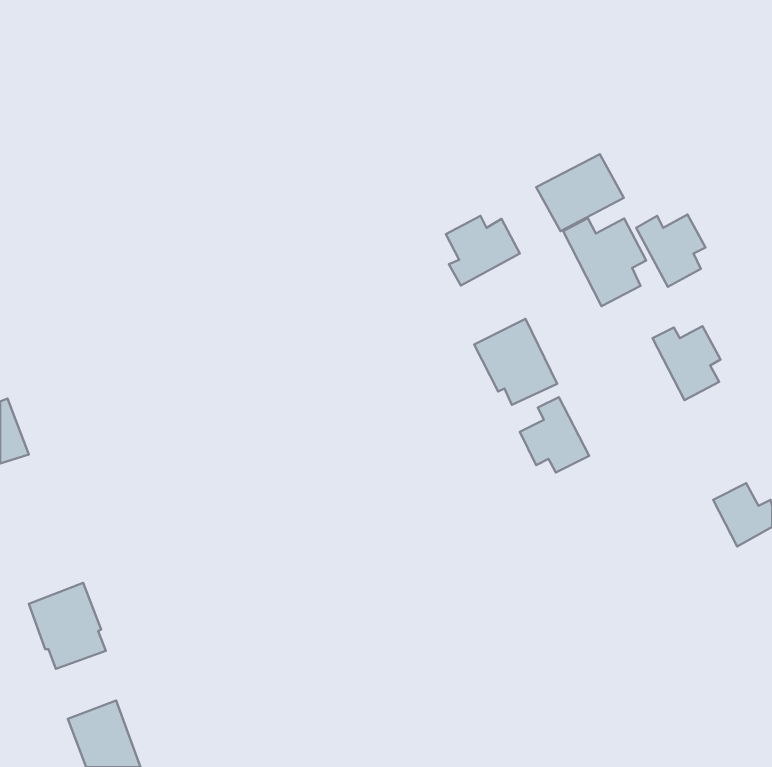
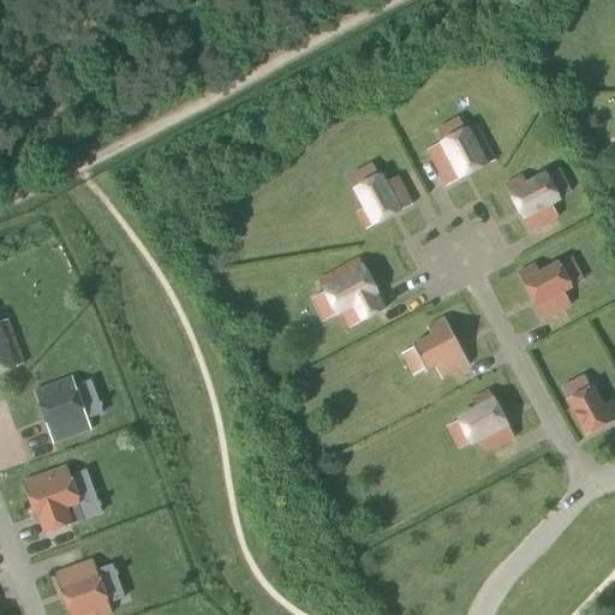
building: [563,218,646,306] -> none
building: [474,319,557,405] -> [318,256,384,324]
building: none -> [34,375,91,441]
building: none -> [458,388,514,449]

